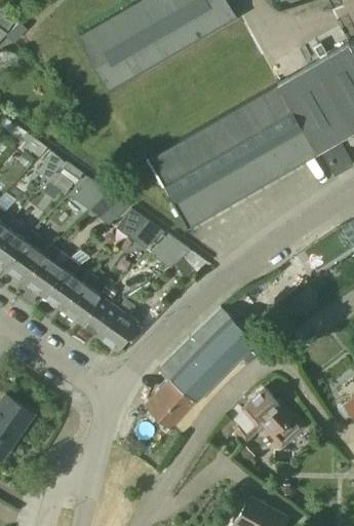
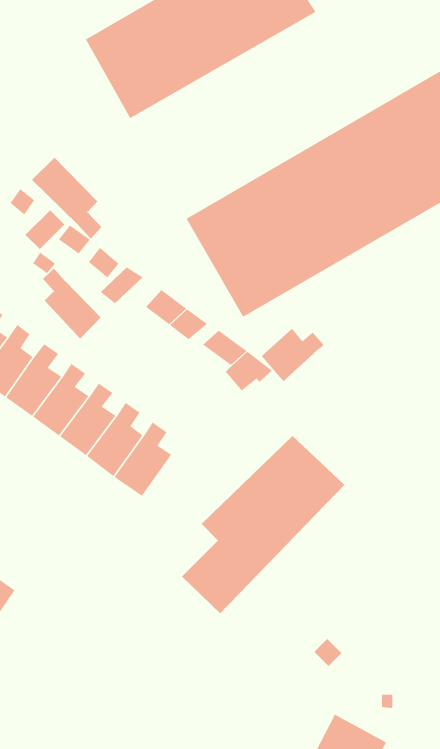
building: none -> [31,157,102,239]
building: none -> [42,268,101,339]
building: none -> [261,328,325,382]
building: [232,388,304,447] -> none

